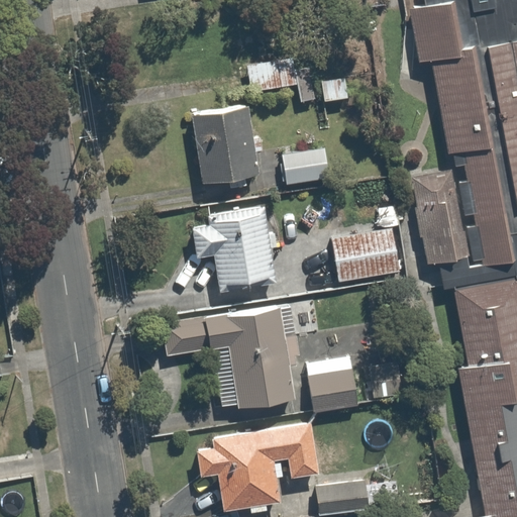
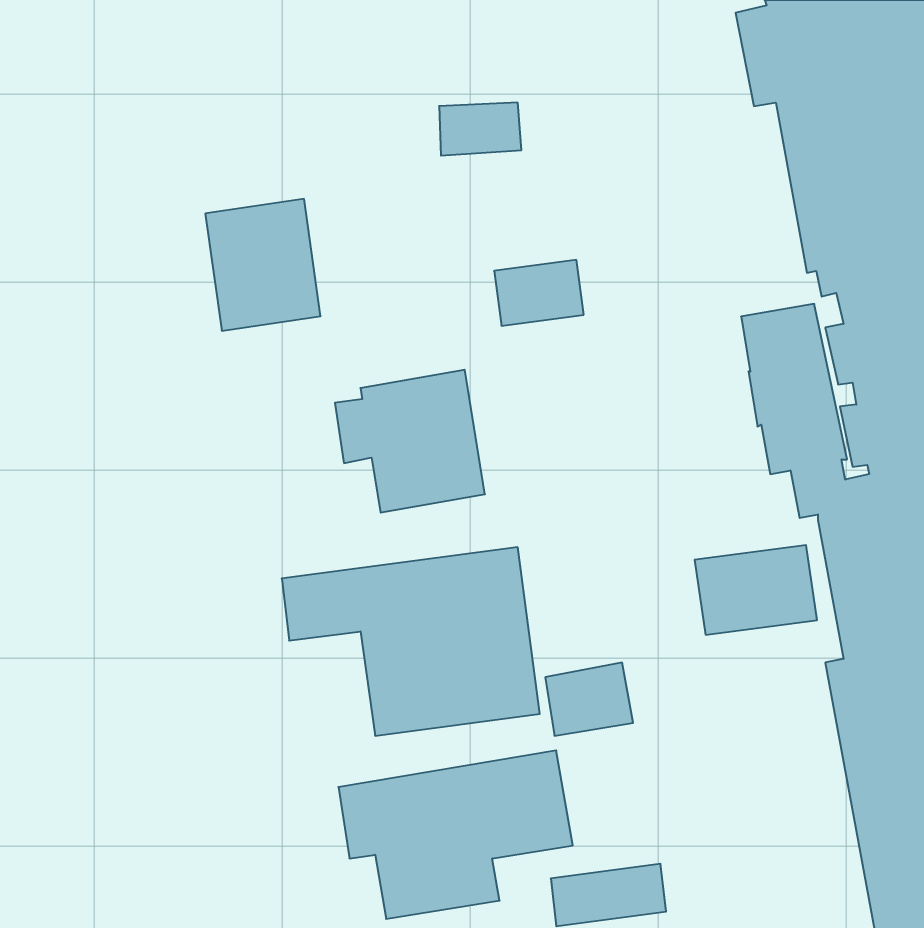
building: [191,109,254,182] -> [205,199,321,331]
building: [332,230,400,280] -> [695,545,817,635]

